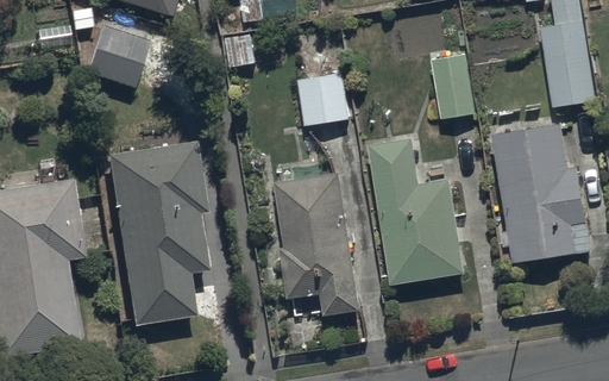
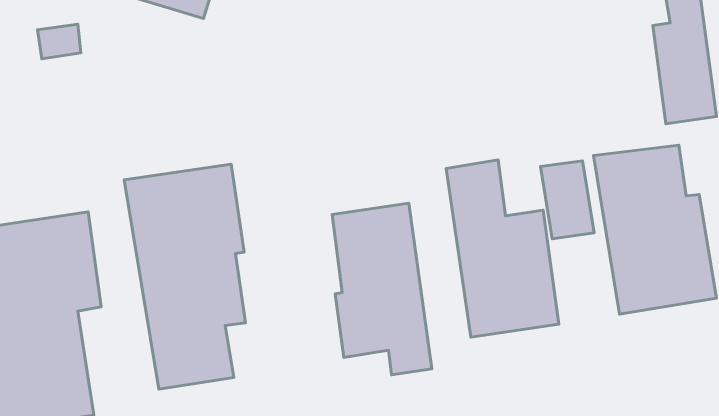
building: [83,24,147,87] -> none
building: [431,52,475,117] -> [541,161,594,239]
building: [296,71,349,126] -> none

